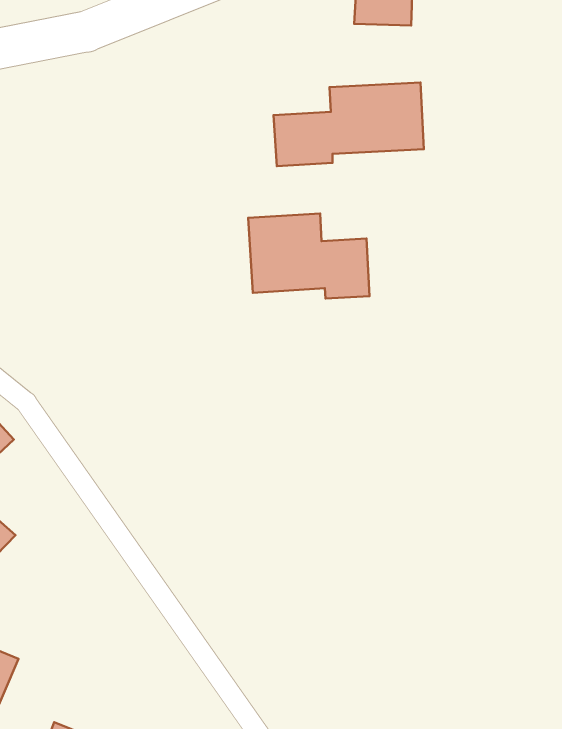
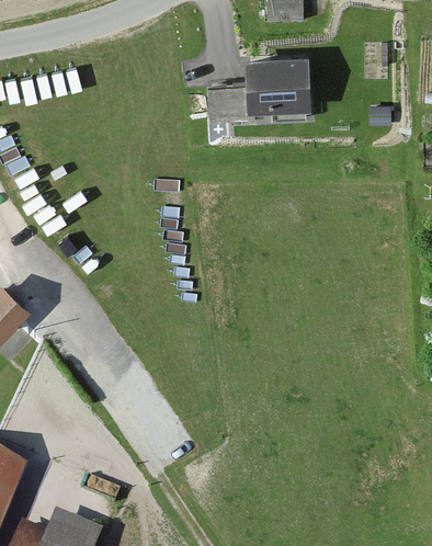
building: [248,213,370,299] -> none

